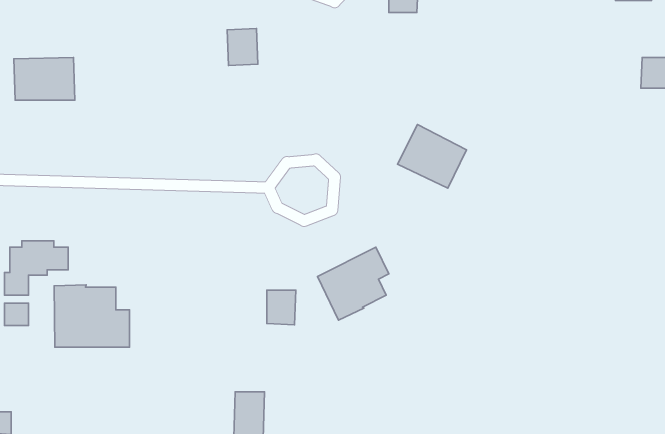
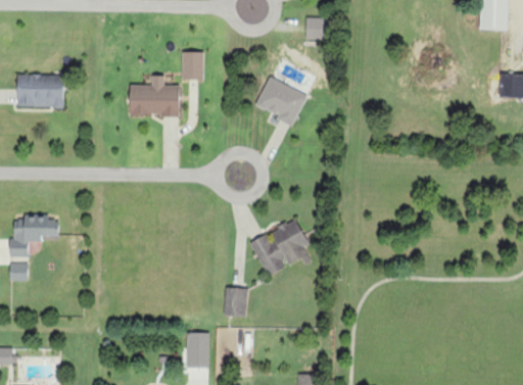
building: none -> [129,76,180,115]
building: [397,124,466,188] -> [254,76,307,125]
building: [54,285,129,347] -> none
building: [267,290,296,325] -> [225,288,247,315]

